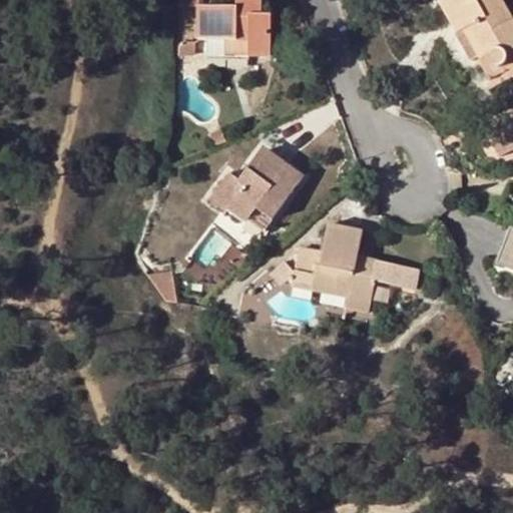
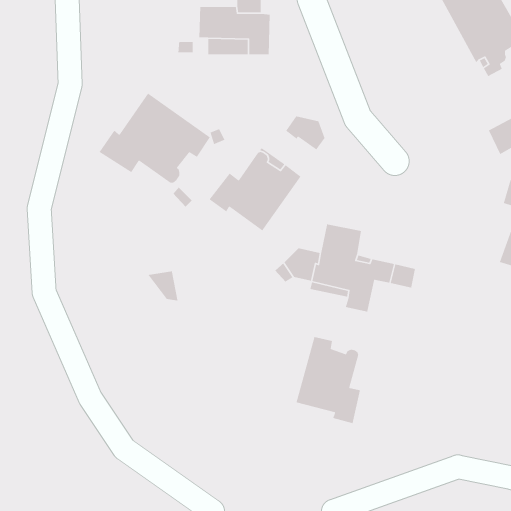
building: none -> [99,93,211,183]
building: none -> [285,116,325,151]
building: none -> [296,336,361,424]

